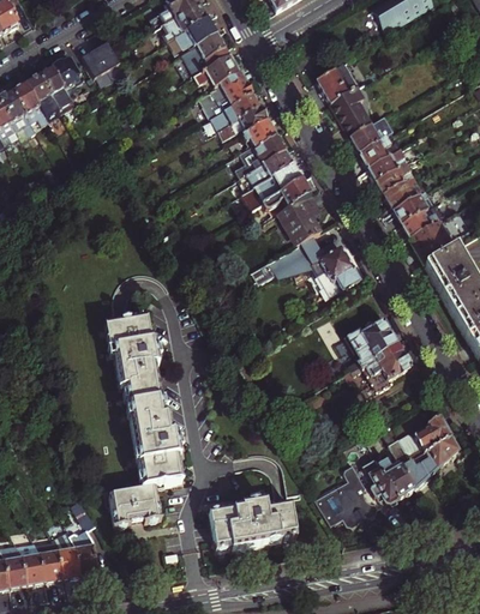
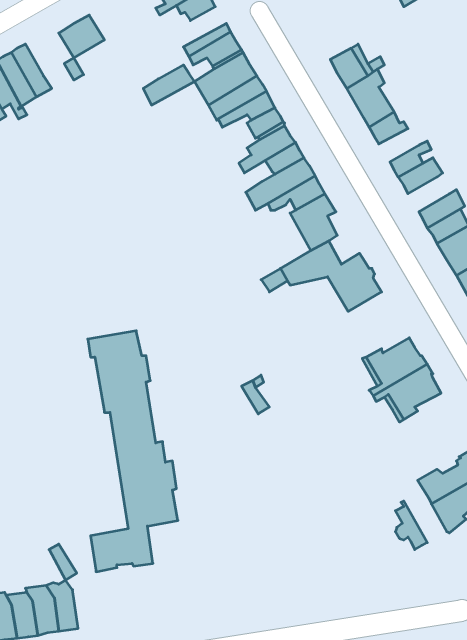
building: [182,32,227,67] -> [143,65,195,105]
building: [53,59,82,92] -> none
building: [359,136,394,167] -> none
building: [384,180,420,210] -> none
building: [380,455,418,496] -> none
building: [319,457,384,520] -> none
building: [211,496,299,548] -> none

